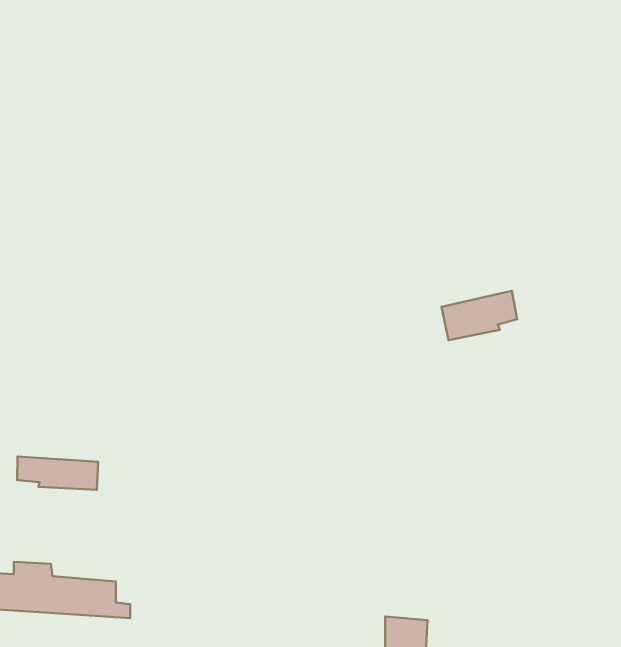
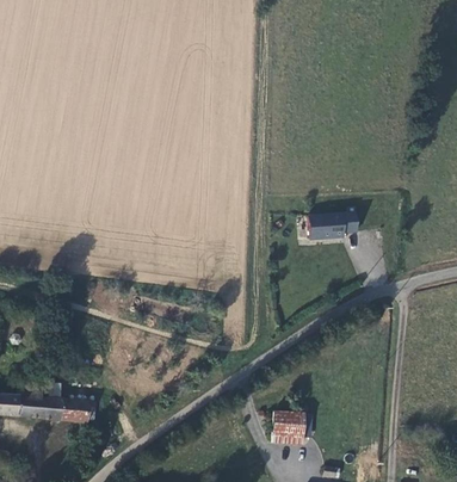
building: [17,457,98,490] -> none

